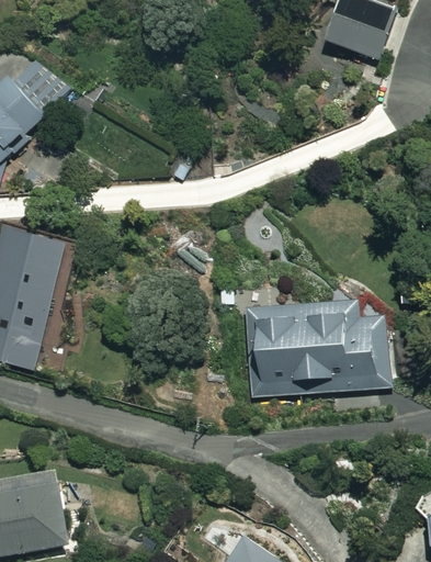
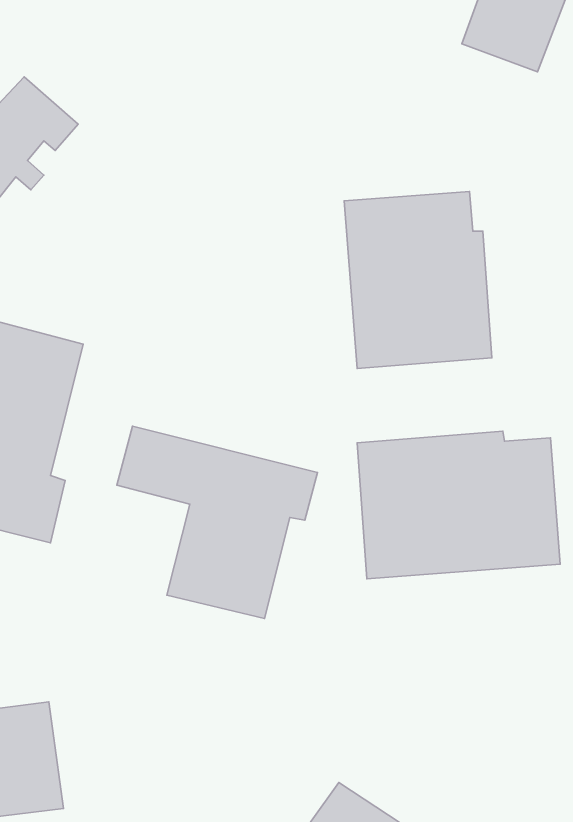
building: none -> [344,192,492,368]
building: none -> [117,426,318,619]

